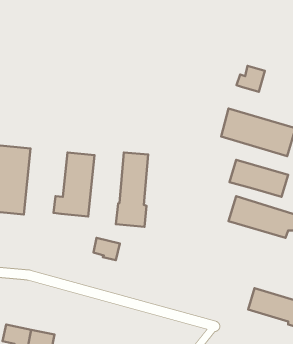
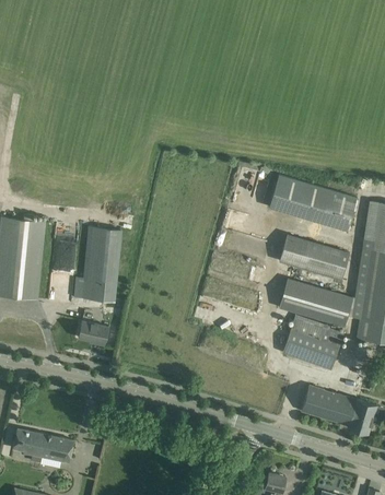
building: [236,66,265,92] -> none
building: [116,153,148,227] -> none
building: none -> [283,315,343,369]
building: [94,238,120,260] -> [78,320,108,346]

